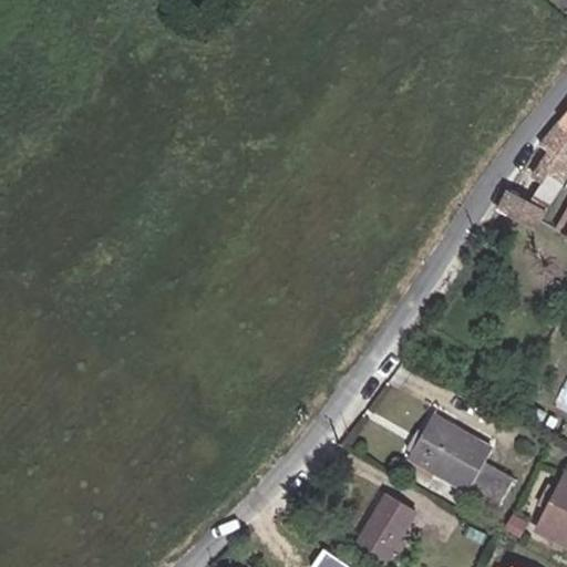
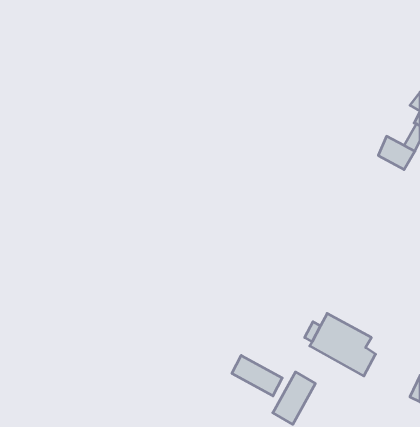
building: none -> [232,355,282,396]

